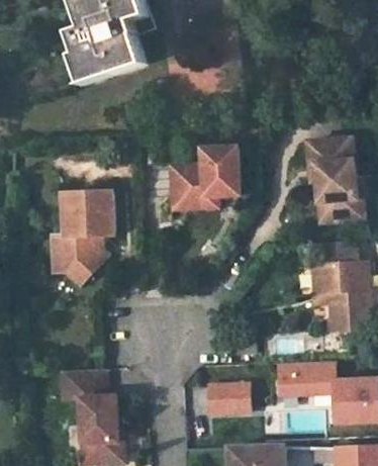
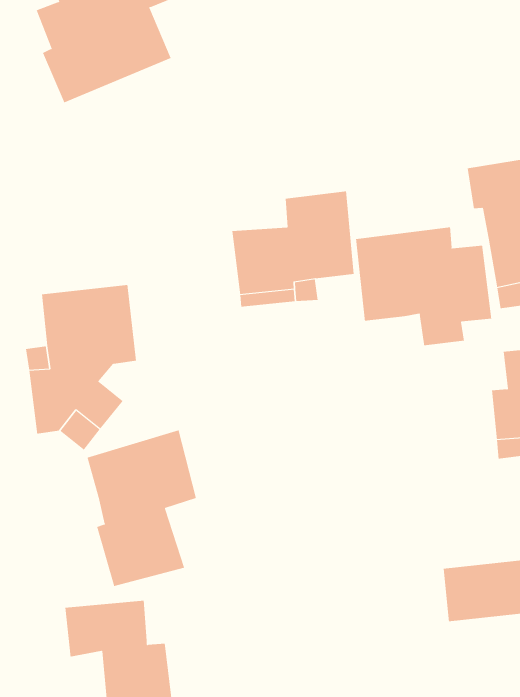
building: none -> [355,226,492,346]
building: none -> [87,430,197,587]
building: [208,385,246,413] -> none

